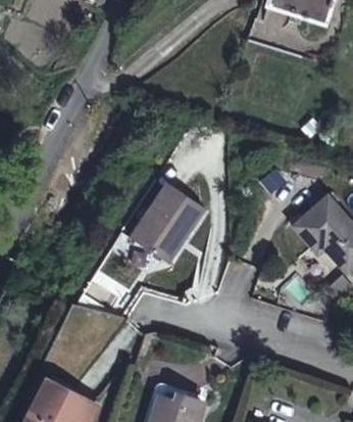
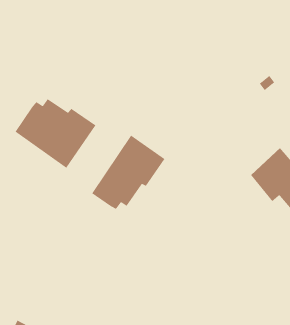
building: none -> [14,98,96,169]

